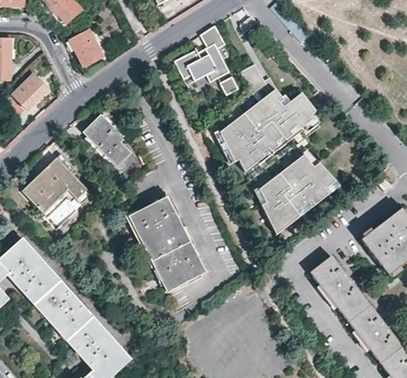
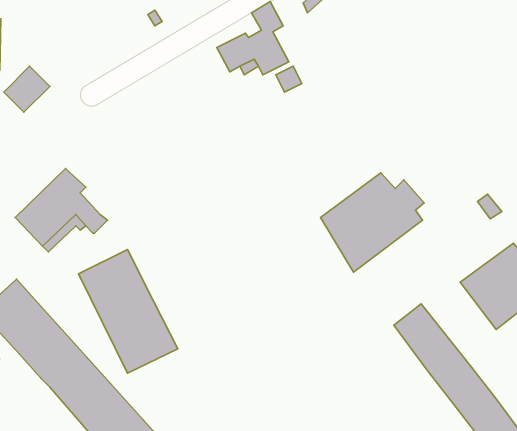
building: [69,29,103,67] -> none
building: [216,64,317,175] -> none
building: [83,112,132,164] -> none
building: [129,197,205,291] -> [79,249,178,373]

